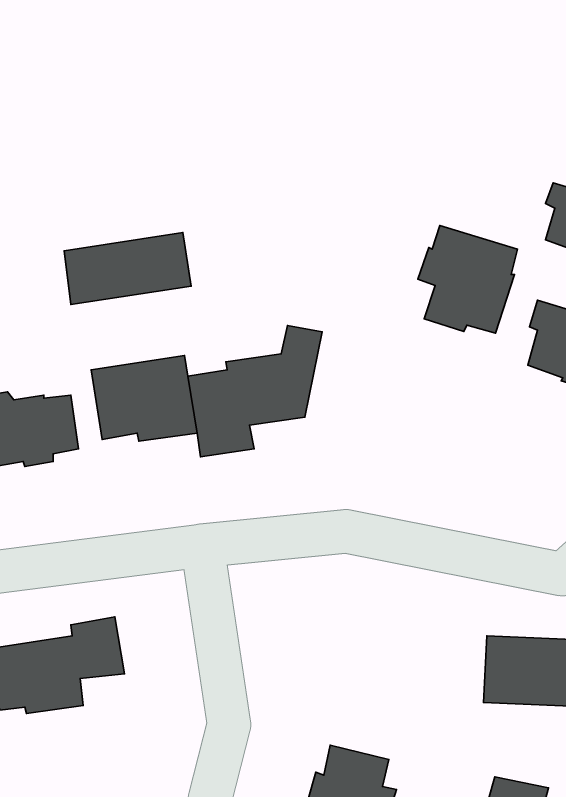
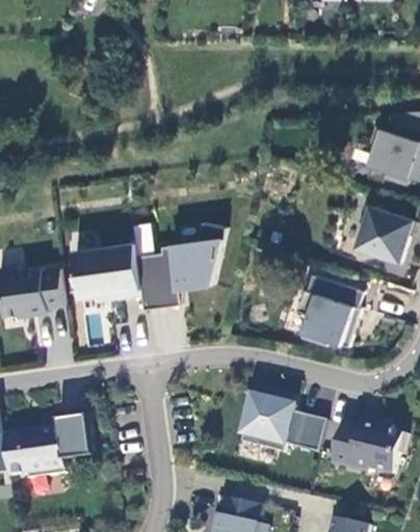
building: [418,225,518,333] -> [297,275,363,346]
building: [64,233,191,305] -> none
building: none -> [242,396,327,453]

